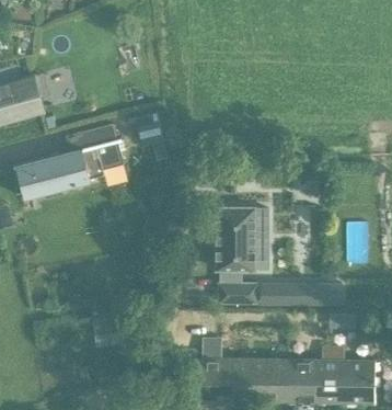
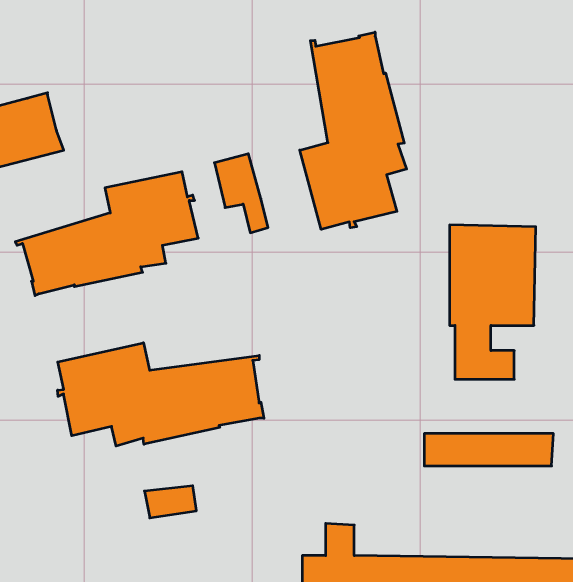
building: none -> [300,32,407,229]
building: [217,208,269,303] -> [450,225,536,379]
building: none -> [58,343,264,446]

